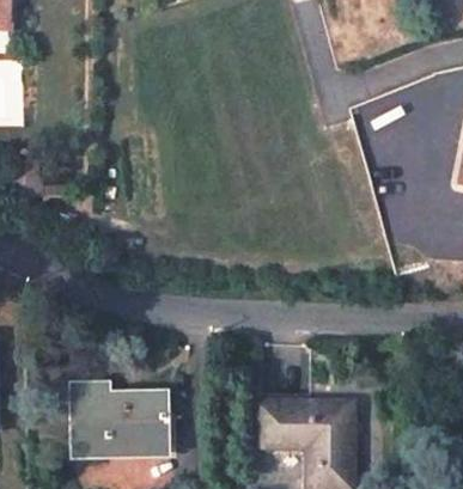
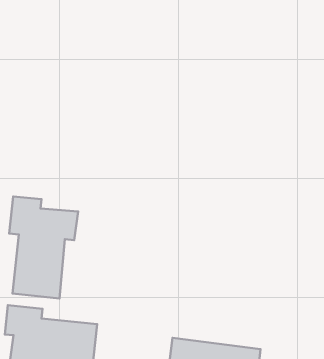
building: none -> [9,196,78,299]

